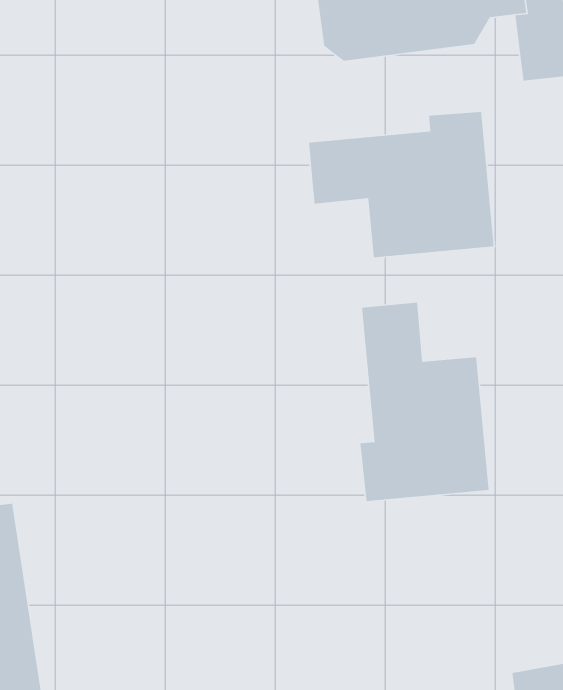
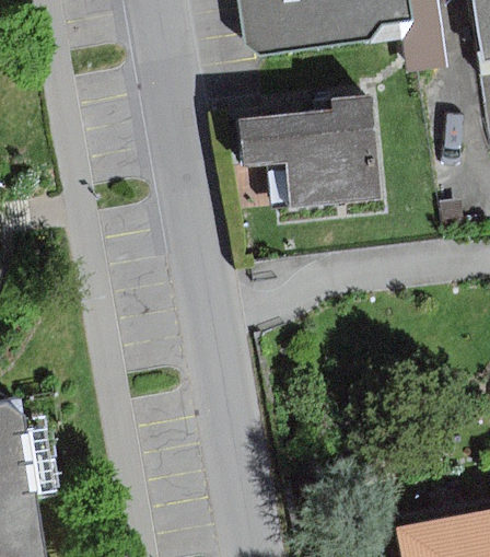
building: [360,302,489,502] -> none

